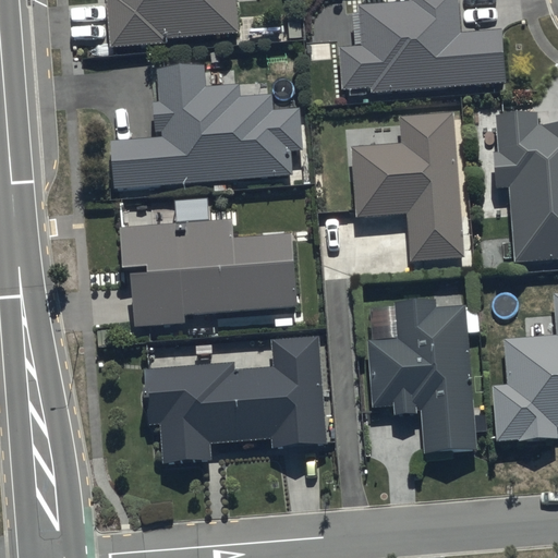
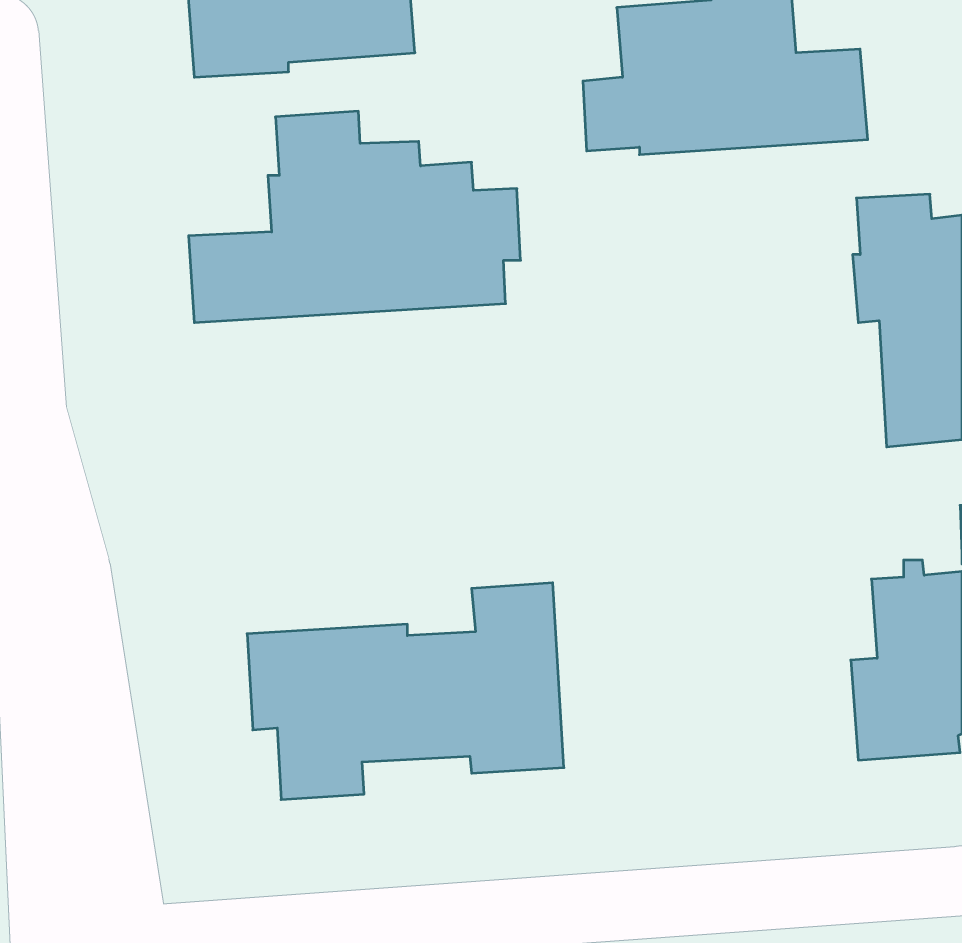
building: [351,110,464,260] -> none
building: [121,221,299,326] -> none
building: [366,299,483,449] -> none

